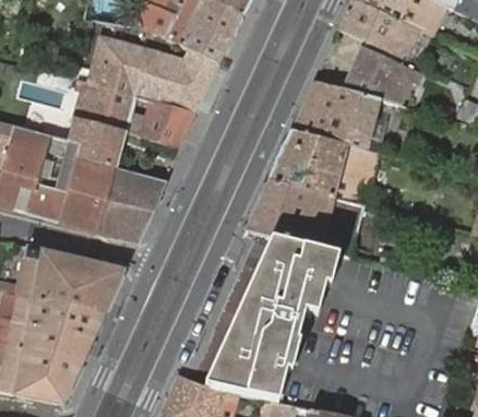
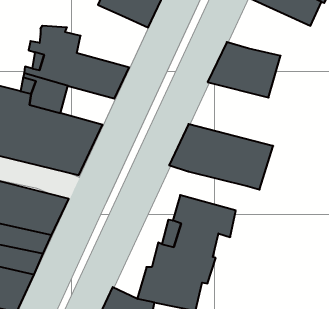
building: [93,37,219,111] -> none
building: [339,44,419,104] -> none
building: [267,129,379,205] -> none
building: [258,236,338,284] -> none

